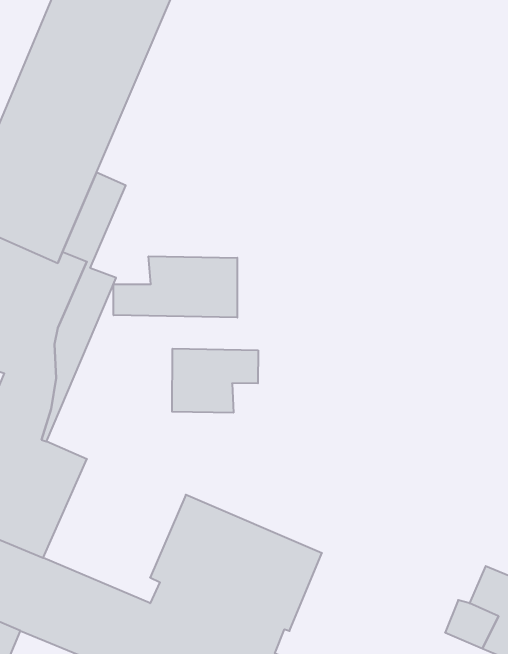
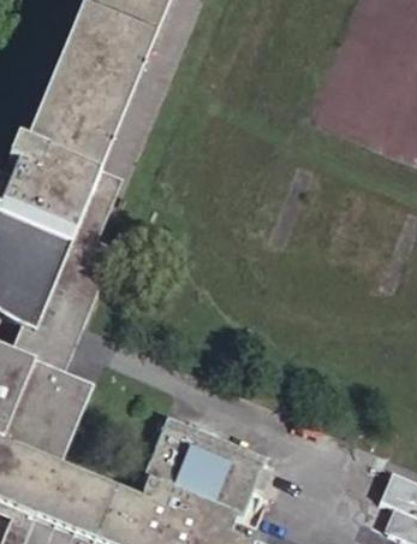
building: [113,256,237,318] -> none
building: [172,349,258,413] -> none

